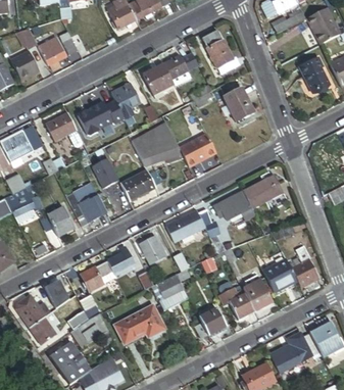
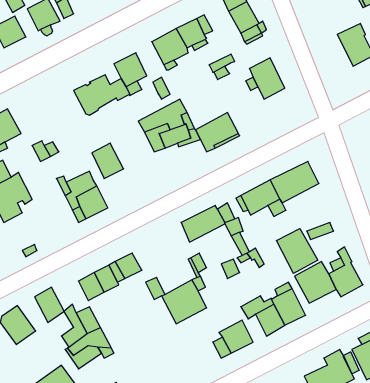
building: [46,111,77,141] -> none
building: [121,170,155,200] -> none
building: [47,206,75,236] -> none
building: none -> [276,229,318,273]
building: [140,235,165,263] -> none
building: [114,304,164,343] -> none
building: [30,316,56,344] -> none

